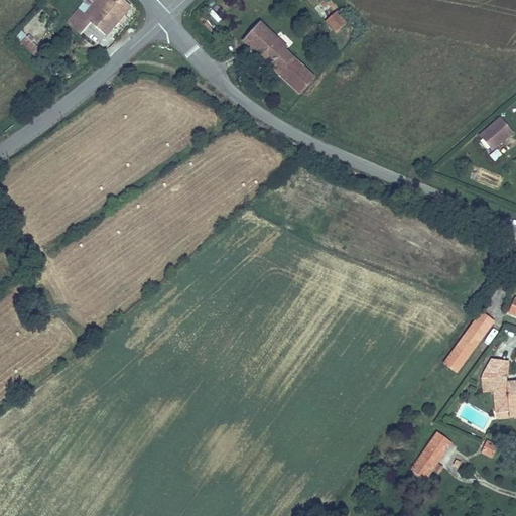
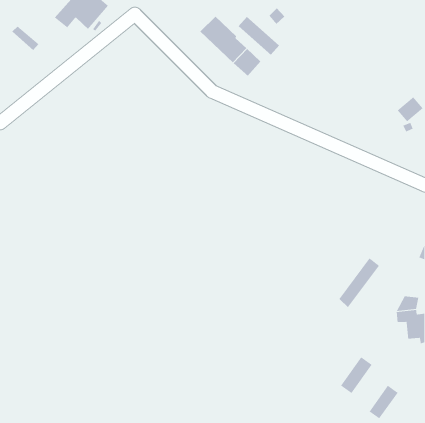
building: none -> [238,16,280,56]
building: [443,311,494,373] -> [338,257,380,308]
building: none -> [369,385,398,419]

